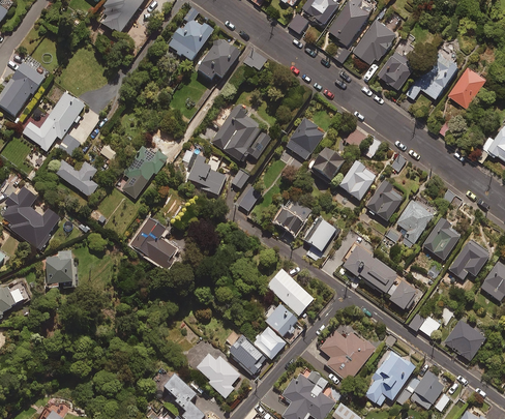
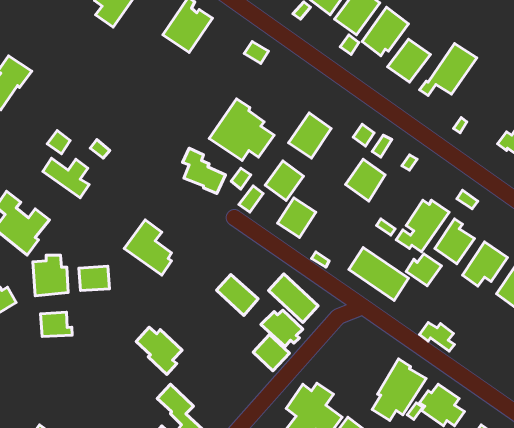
building: [196,40,243,82] -> none
building: [449,66,487,109] -> none
building: [22,92,84,150] -> none
building: [121,146,167,199] -> none
building: [307,146,344,183] -> [265,161,304,201]
building: [364,179,406,221] -> none
building: [303,217,335,251] -> none
building: none -> [79,266,109,291]
building: [385,280,418,310] -> [406,254,441,286]
building: none -> [40,312,72,337]
building: [444,320,485,361] -> none
building: [320,331,377,384] -> none
building: [227,336,266,375] -> [216,275,258,315]
building: [196,354,239,398] -> [136,327,182,375]

